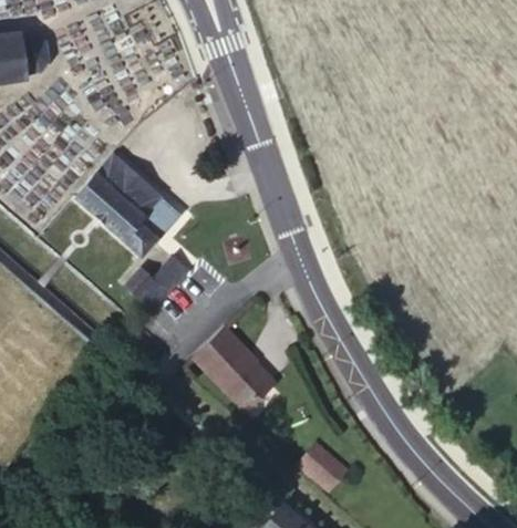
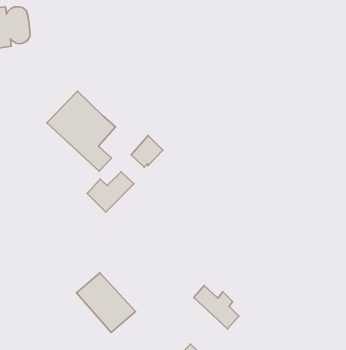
building: [139,196,183,239] -> [131,136,163,167]
building: [195,331,276,413] -> [76,273,135,332]

